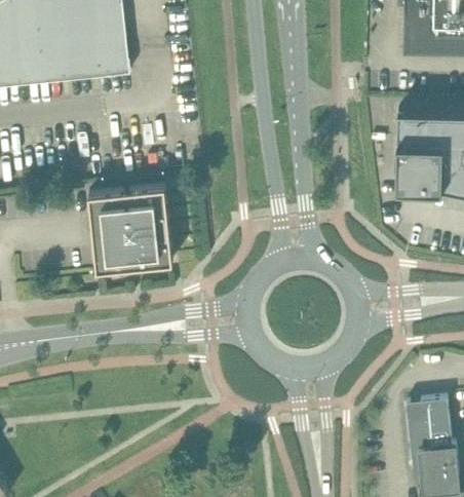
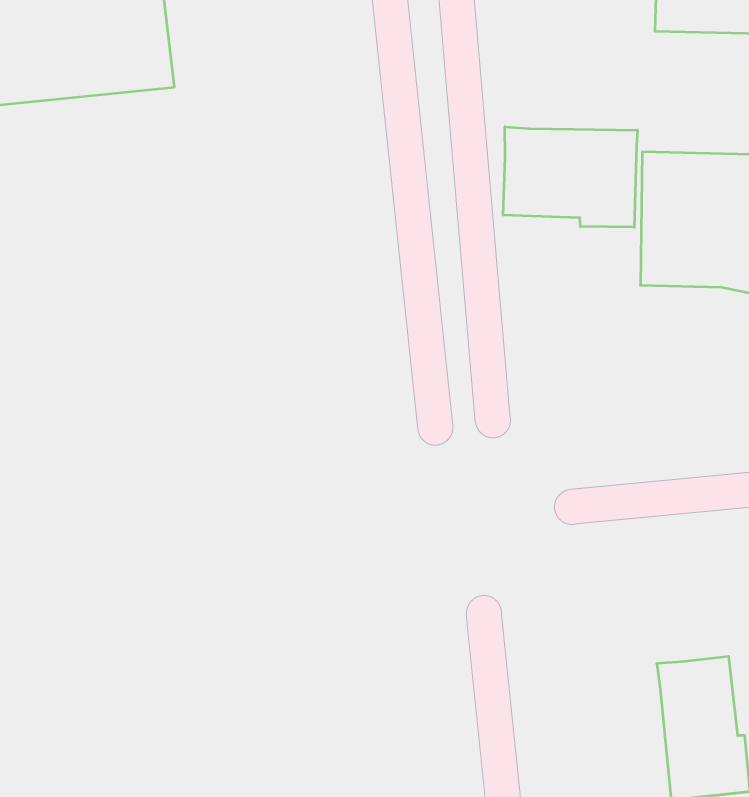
building: none -> [503,127,637,227]
building: [88,187,172,270] -> none

